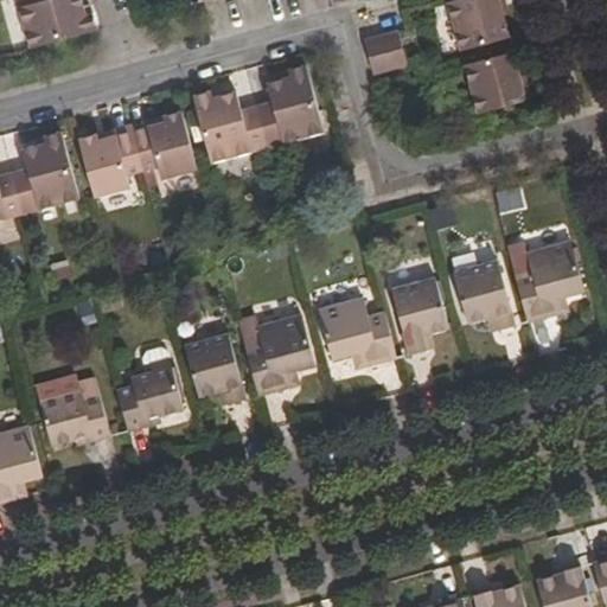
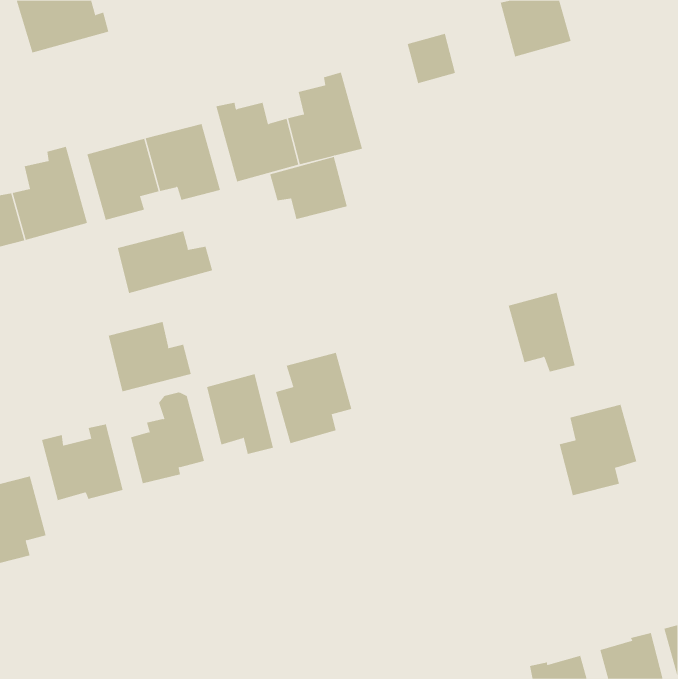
building: [464,51,526,114] -> none
building: none -> [269,156,348,220]
building: none -> [117,230,213,294]
building: [515,241,584,322] -> [559,404,637,496]
building: [391,279,448,354] -> none
building: none -> [108,321,191,392]
building: [318,298,396,370] -> none

